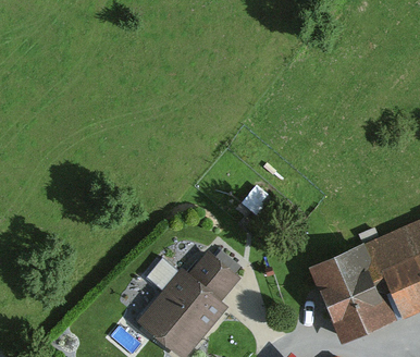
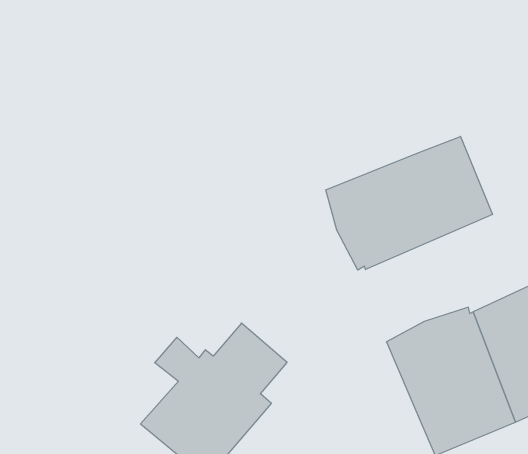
building: none -> [326,136,493,270]

